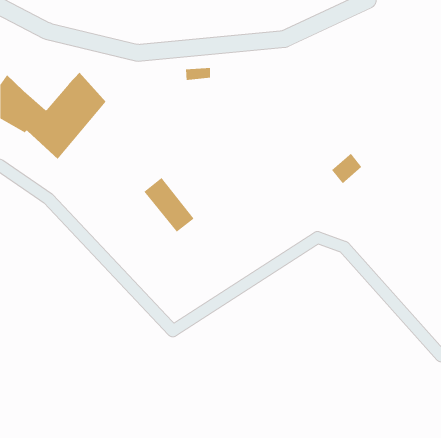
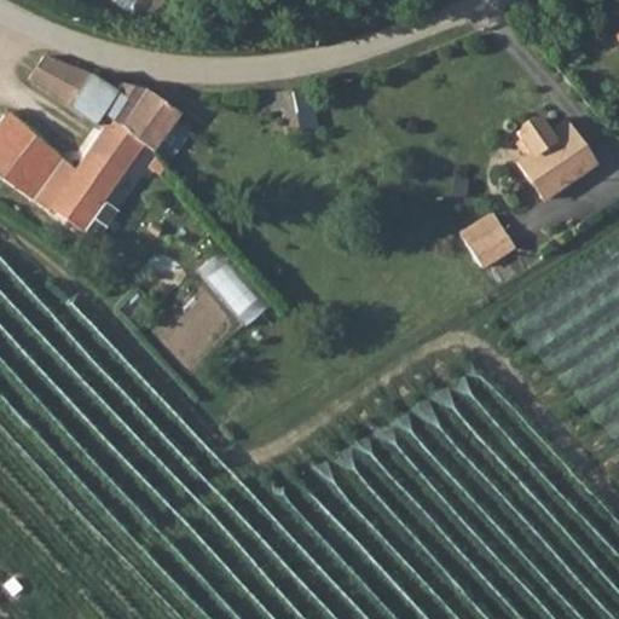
building: none -> [44,62,180,154]
building: none -> [520,122,596,202]

